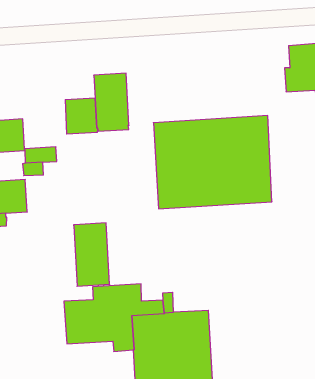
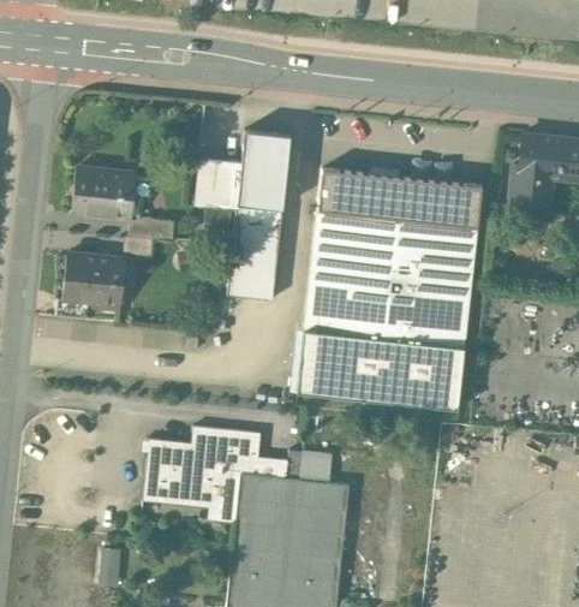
building: none -> [317,168,482,226]
building: none -> [298,331,464,409]
building: [74,223,110,286] -> [227,208,282,299]
building: none -> [300,451,333,482]

